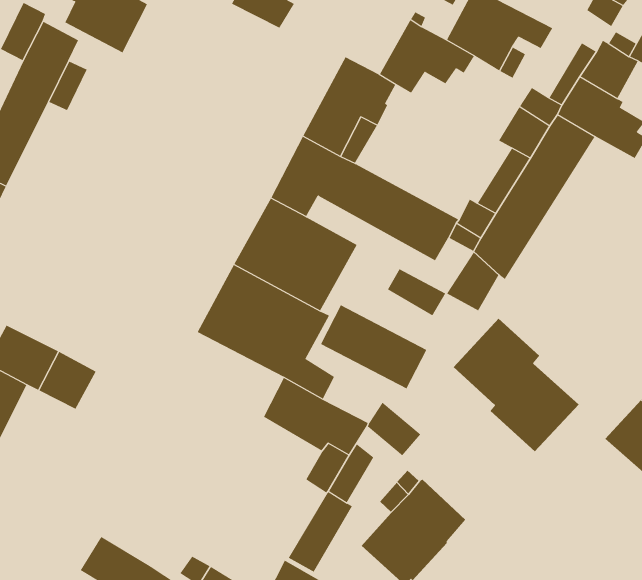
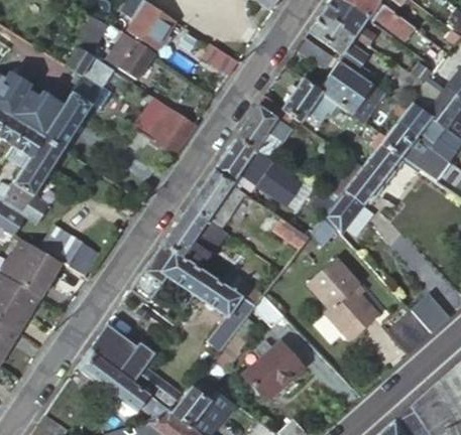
building: none -> [135,98,196,155]
building: [320,304,427,389] -> [149,243,210,295]
building: none -> [91,331,134,373]

